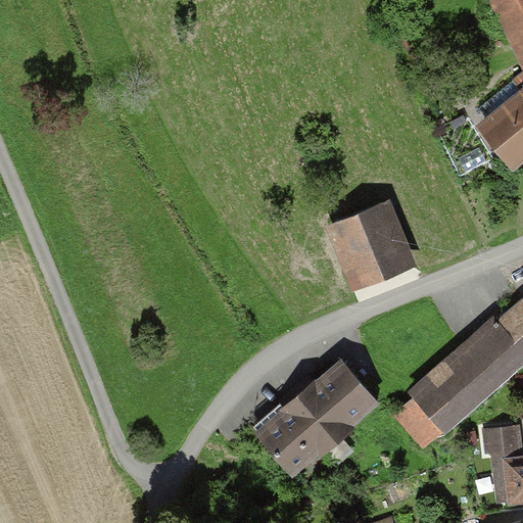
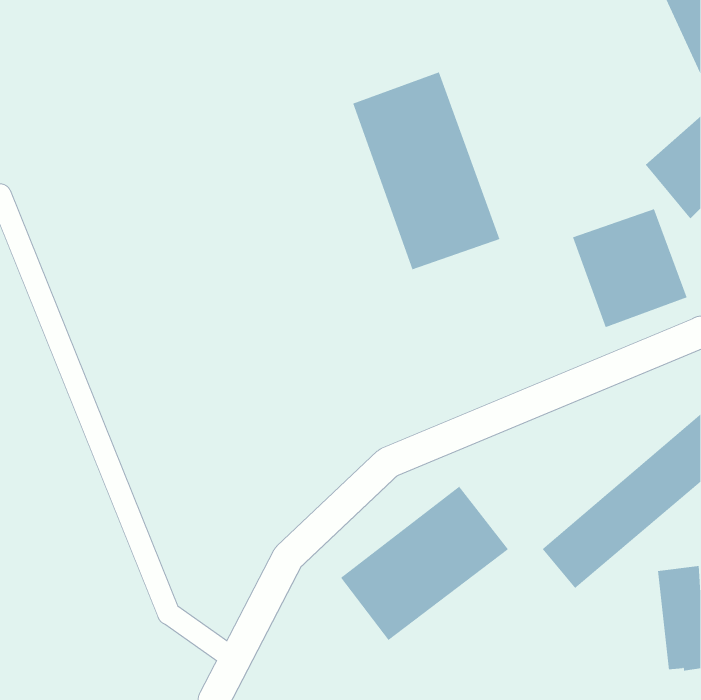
building: none -> [353,71,500,270]
building: [331,202,417,291] -> [572,208,687,328]

